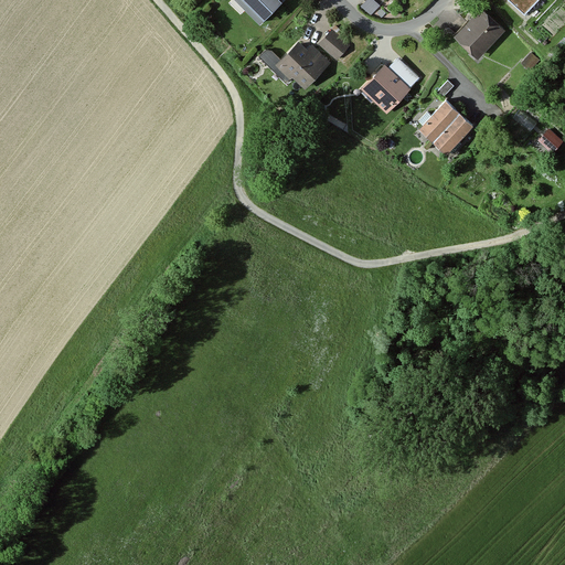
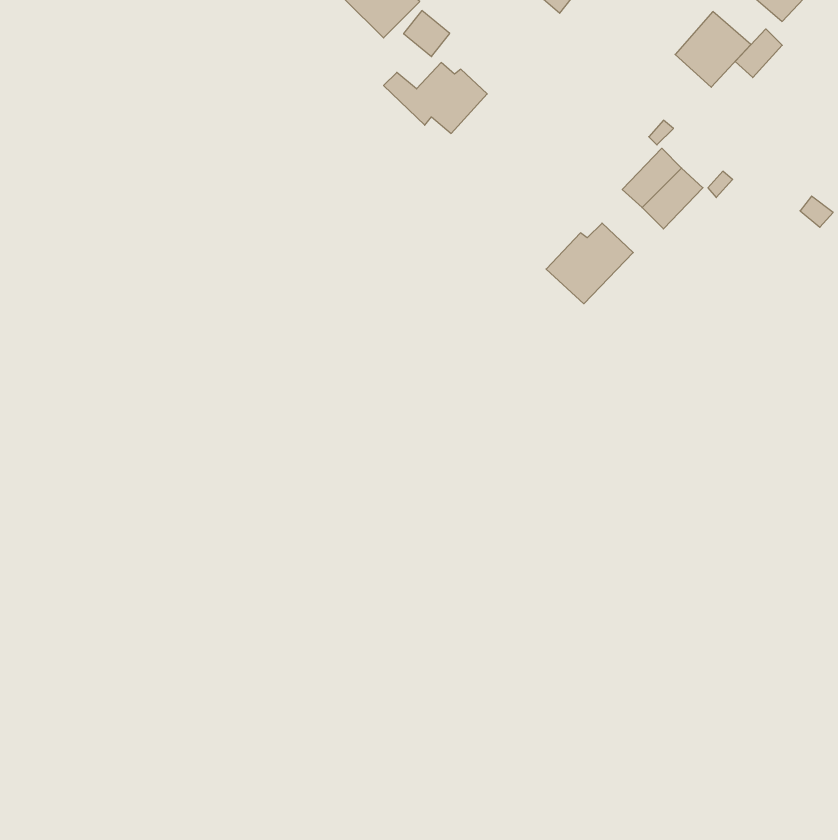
building: none -> [735,29,782,78]
building: [319,30,350,61] -> [404,11,450,57]
building: [361,58,419,113] -> [546,223,633,304]

